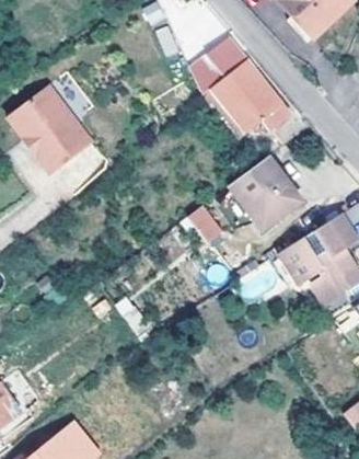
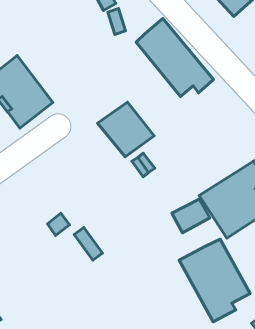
building: [231,158,301,226] -> [97,102,154,157]
building: none -> [179,239,250,322]

